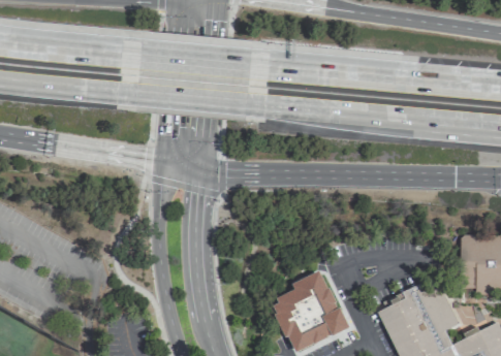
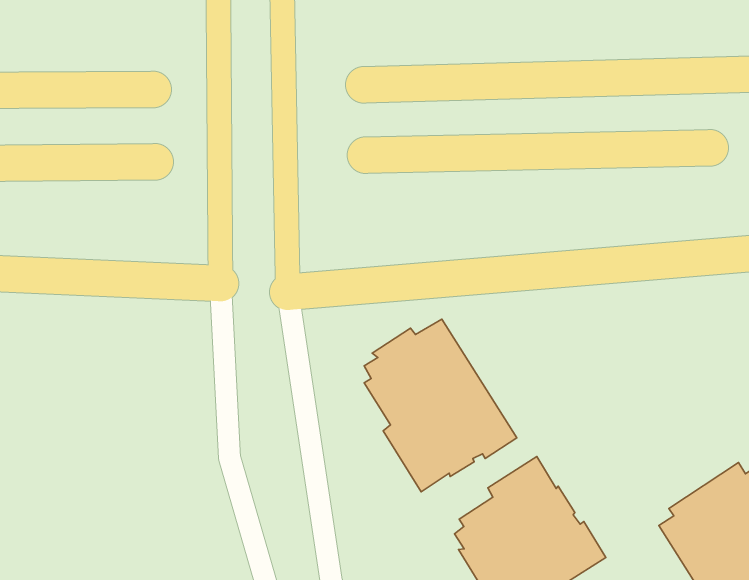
building: none -> [364,319,517,492]

